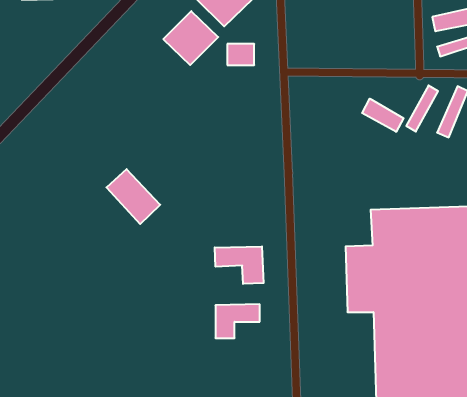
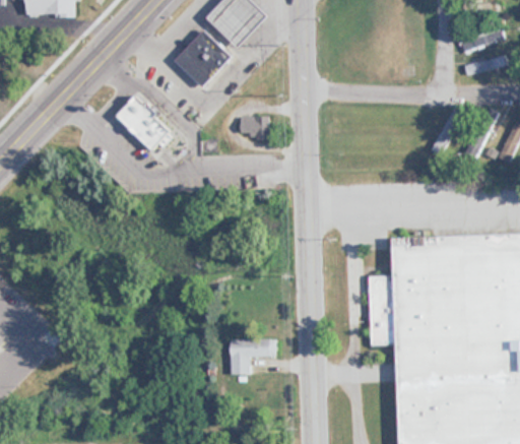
building: [227,44,254,65] -> [240,117,268,139]
building: [362,99,404,132] -> none
building: [106,169,160,224] -> [116,94,173,152]
building: [215,246,264,284] -> none

